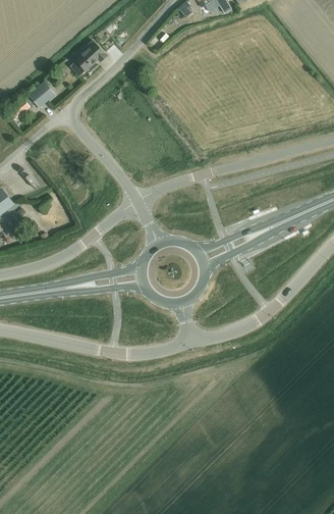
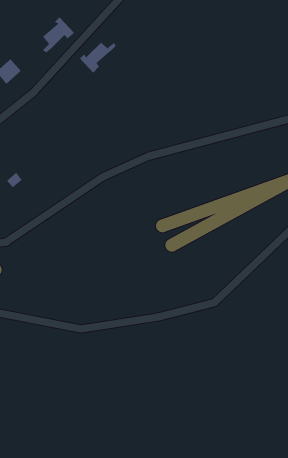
building: none -> [79,42,117,74]

